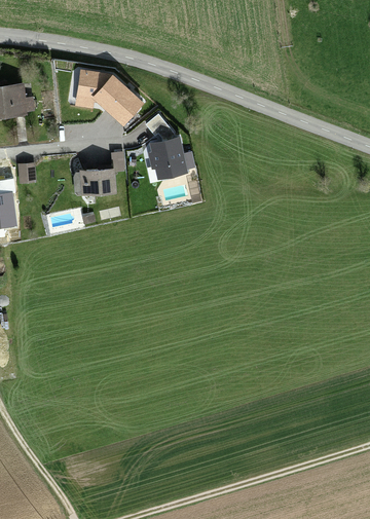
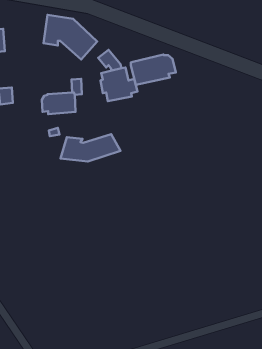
building: none -> [131,54,176,85]
building: none -> [60,134,121,162]

